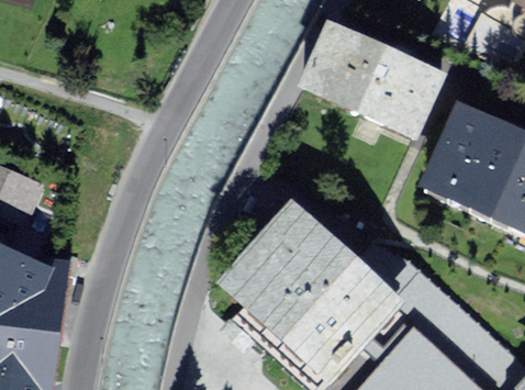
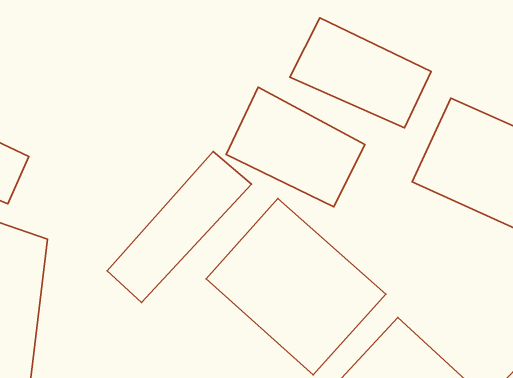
building: none -> [226,87,365,207]
building: none -> [107,152,251,303]

